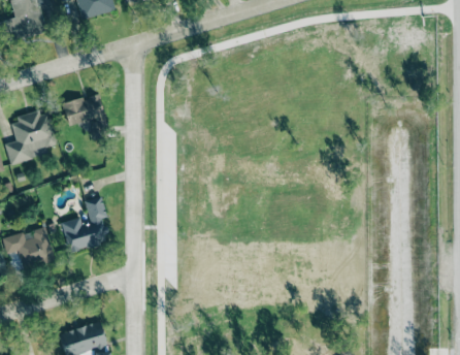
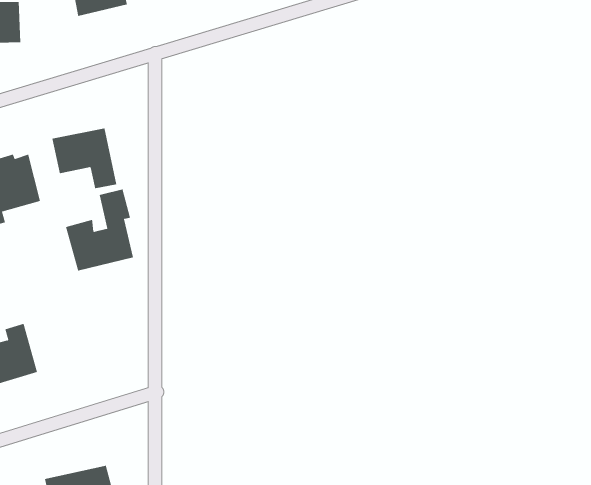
building: [62,196,108,252] -> [65,189,134,271]

